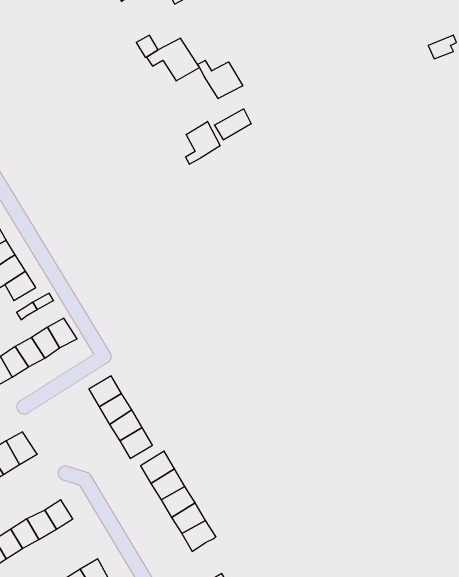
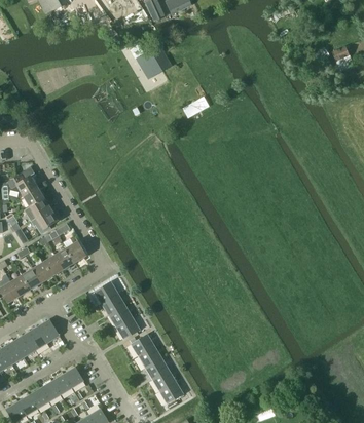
building: [198,60,243,99] -> none
building: [186,121,220,164] -> none

